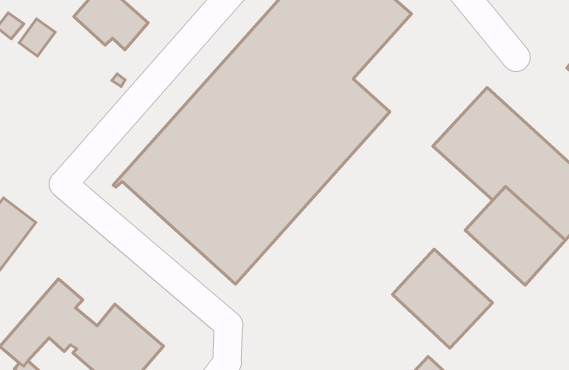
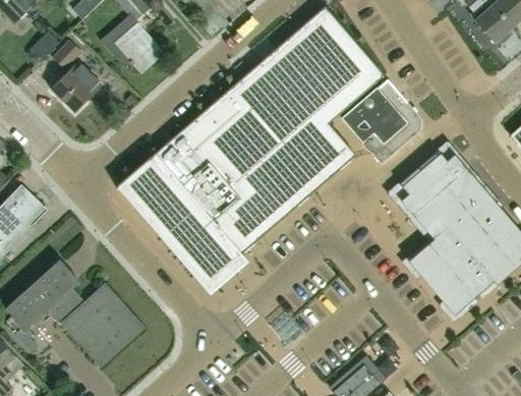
building: none -> [342,78,426,163]
building: none -> [52,60,104,113]
building: [393,249,493,348] -> none

